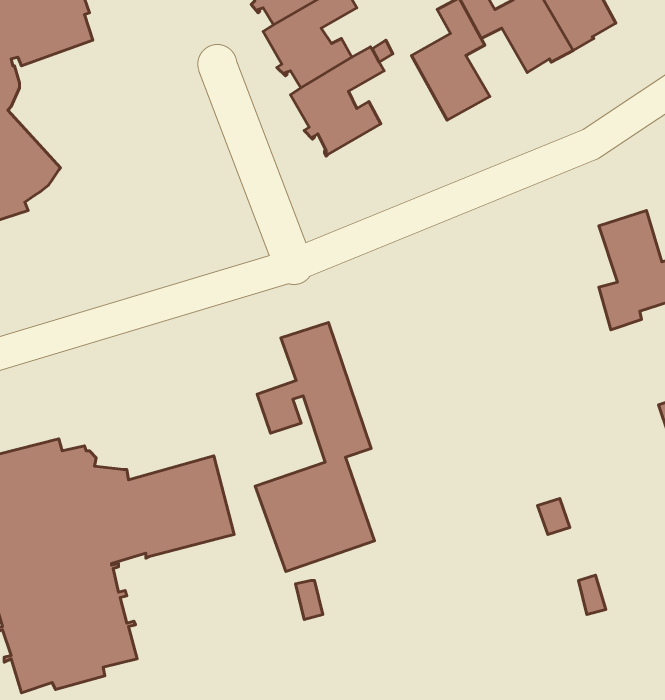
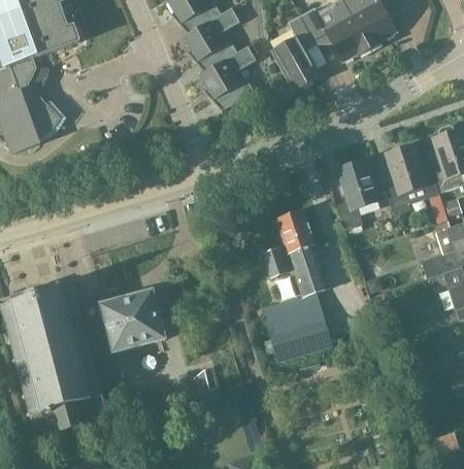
building: none -> [337,159,379,229]
building: [255,323,375,571] -> [260,211,332,362]

